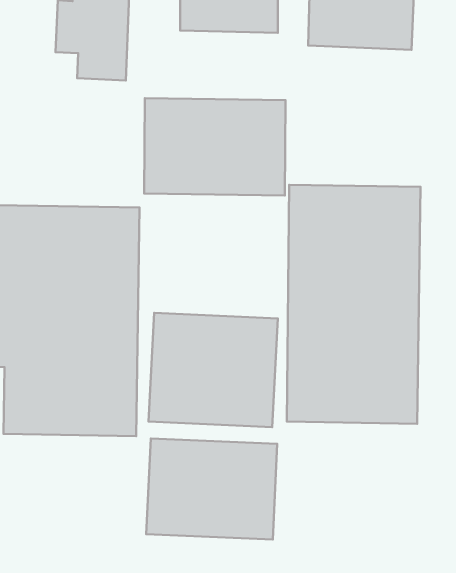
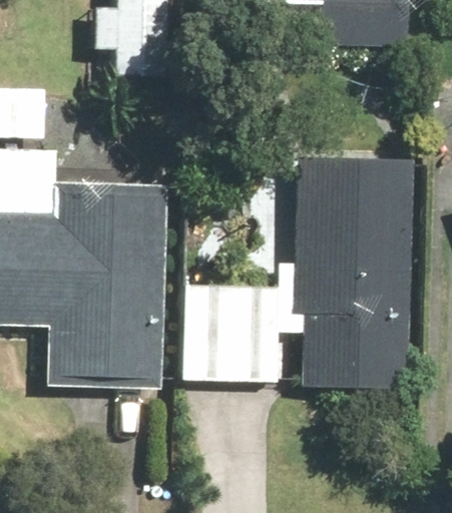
building: [144,98,285,195] -> none
building: [146,438,277,539] -> none

